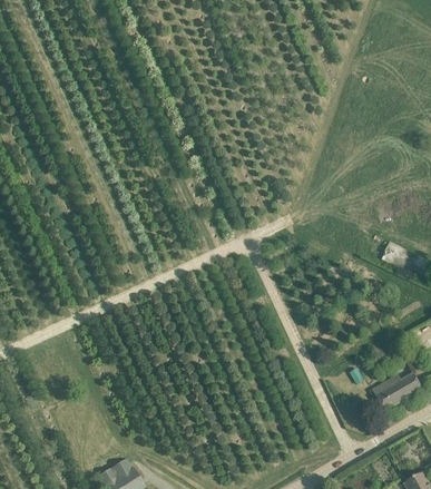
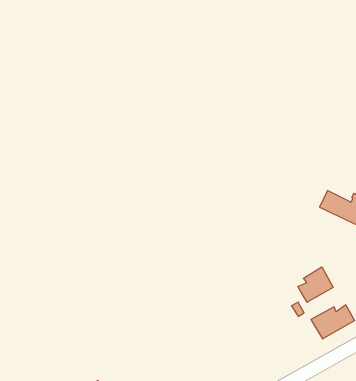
building: none -> [298,267,333,302]

